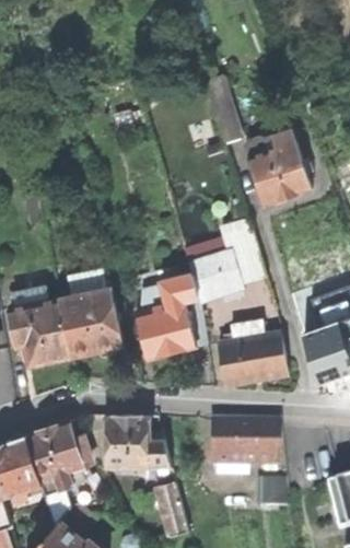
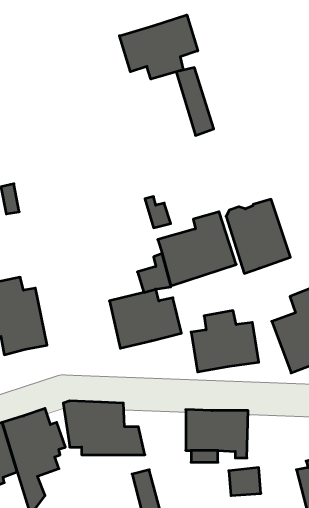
building: none -> [119,15,198,79]
building: [244,129,310,205] -> [226,199,290,273]
building: [59,278,121,357] -> none

